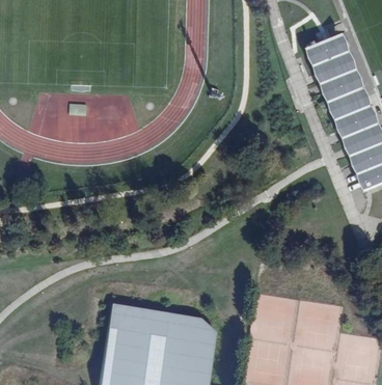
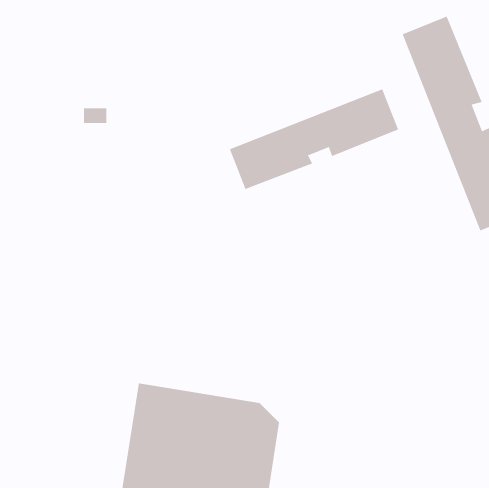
building: none -> [229,88,399,190]

